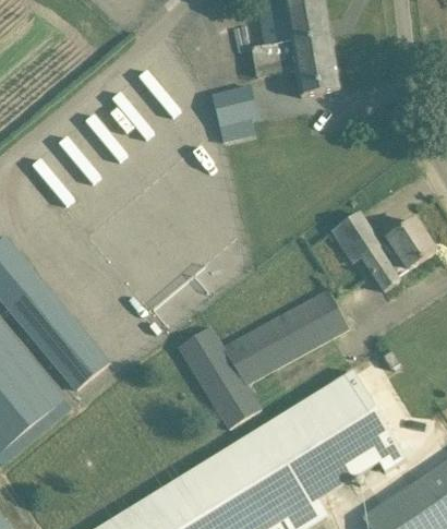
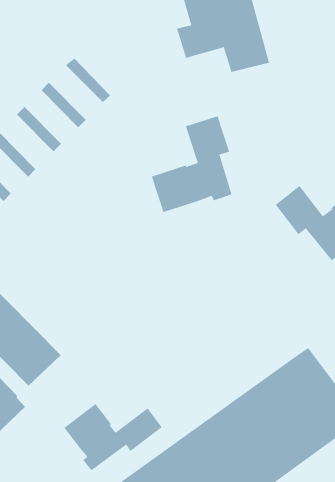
building: [212,86,258,130] -> none
building: none -> [151,115,232,213]
building: [176,289,349,430] -> none
building: none -> [64,403,162,471]

